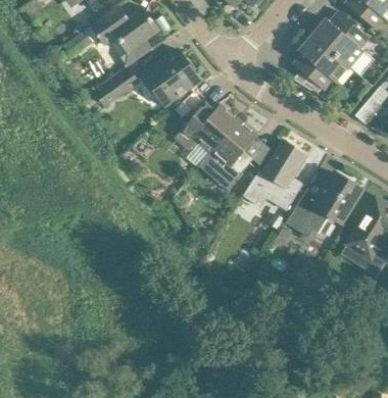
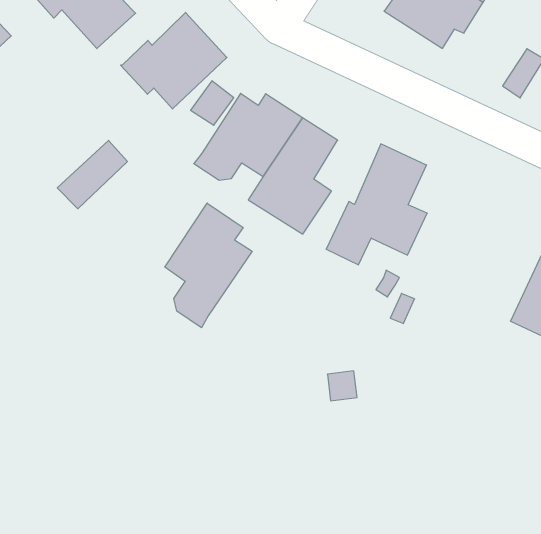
building: [95,67,137,104] -> [57,140,127,209]
building: none -> [165,203,252,328]
building: [286,172,361,236] -> none

